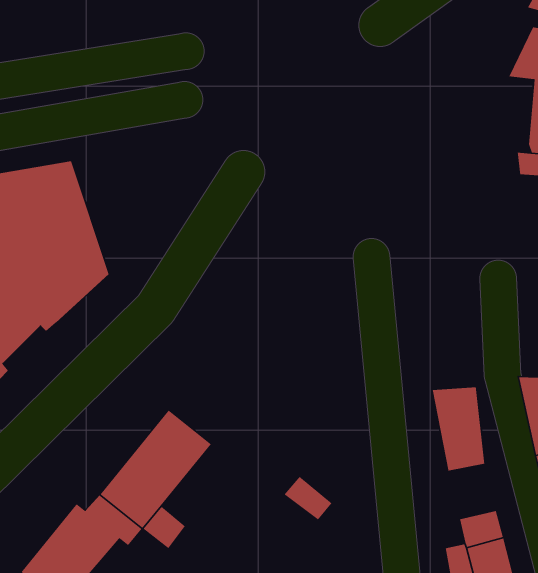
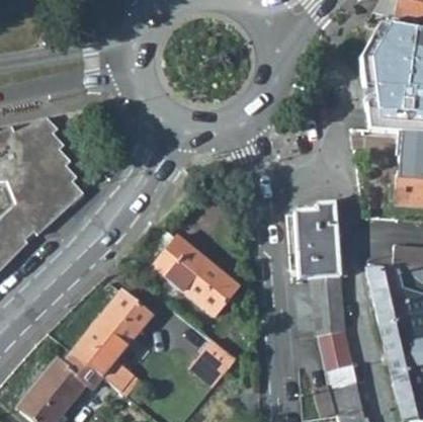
building: none -> [294,200,347,278]
building: none -> [154,237,239,315]
building: none -> [318,331,352,369]

